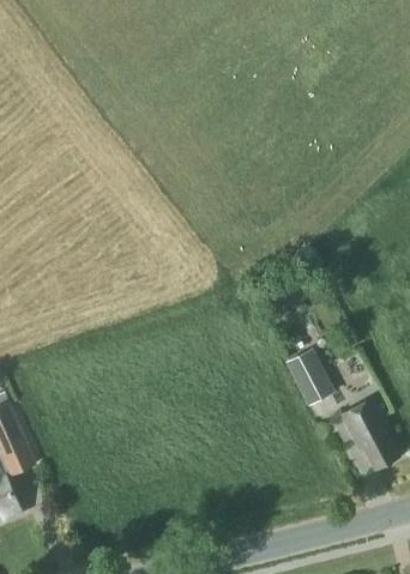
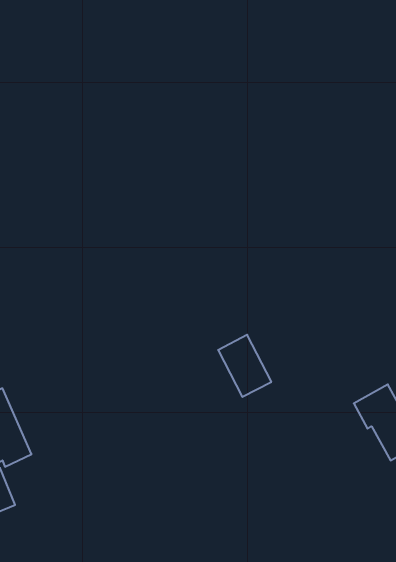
building: [285,349,336,407] -> [218,335,271,397]

